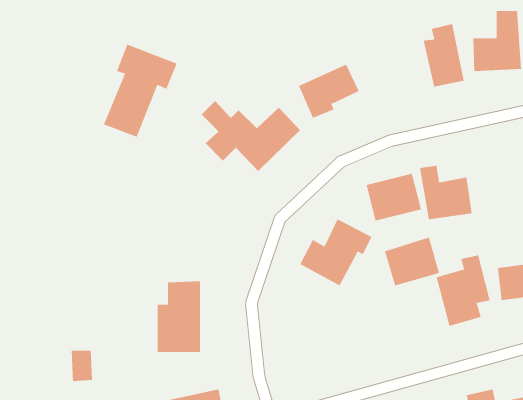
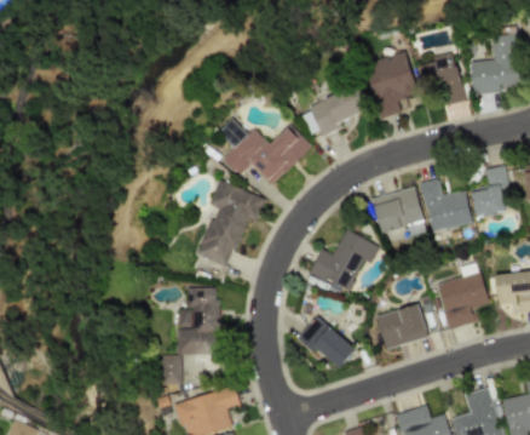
building: none -> [365,51,420,119]
building: [103,44,177,138] -> [197,179,266,267]
building: none -> [472,165,509,217]
building: [384,237,440,286] -> [376,303,428,349]
building: none -> [299,316,357,370]
building: [71,350,93,381] -> [162,355,183,384]

